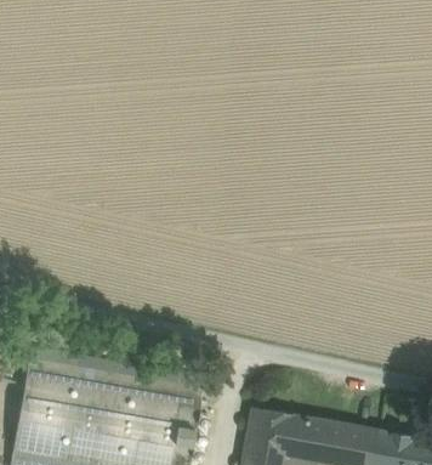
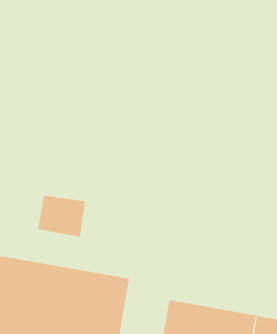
building: none -> [38,195,86,237]

